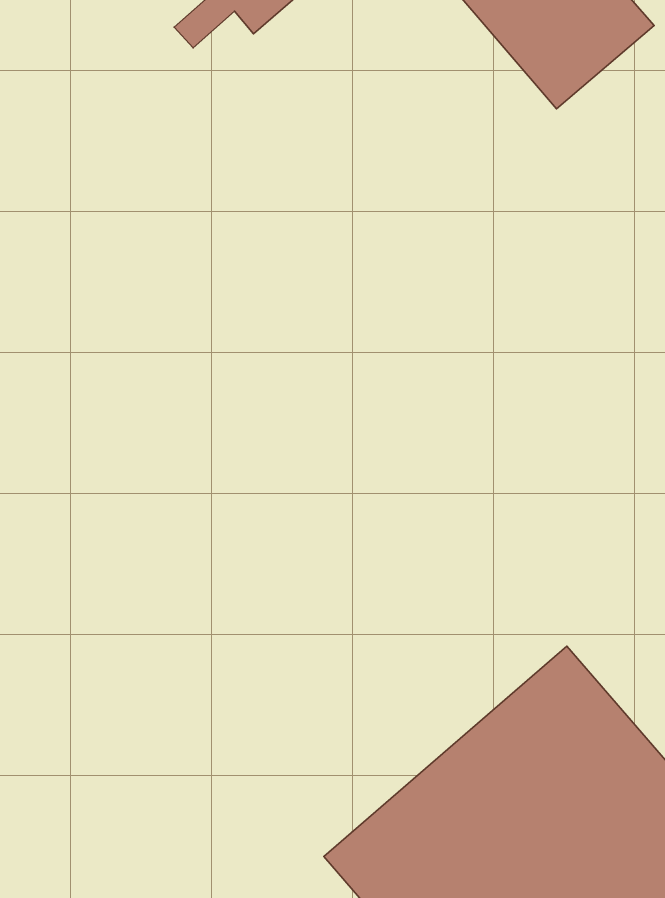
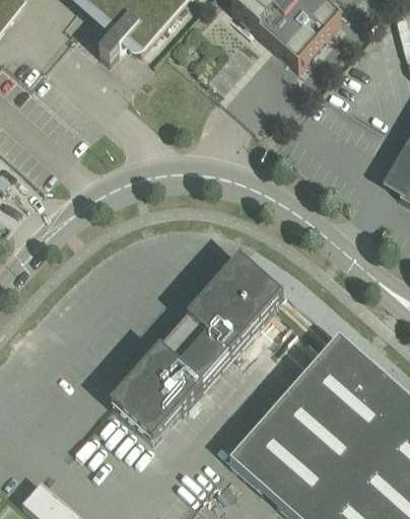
building: none -> [111,253,283,438]

